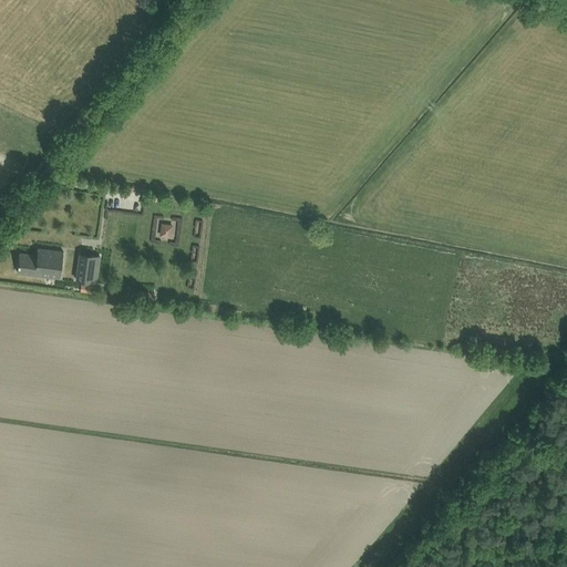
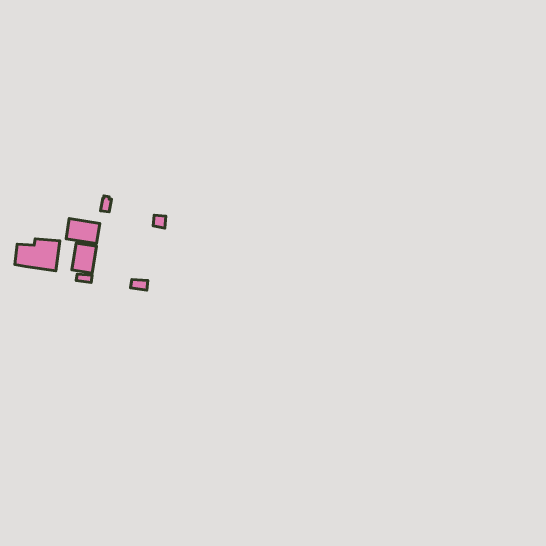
building: none -> [66,219,100,244]

